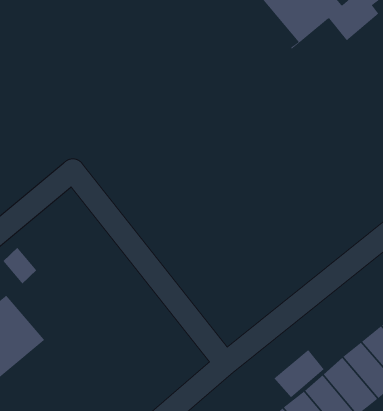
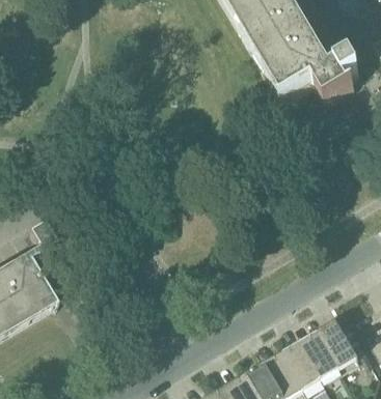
building: [273,349,325,398] -> none

